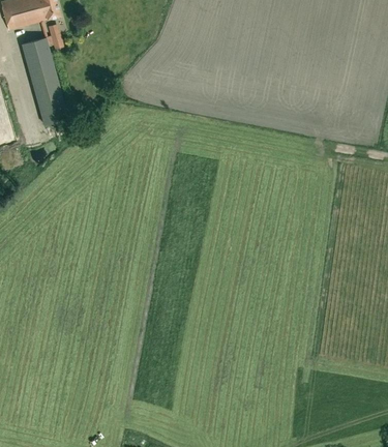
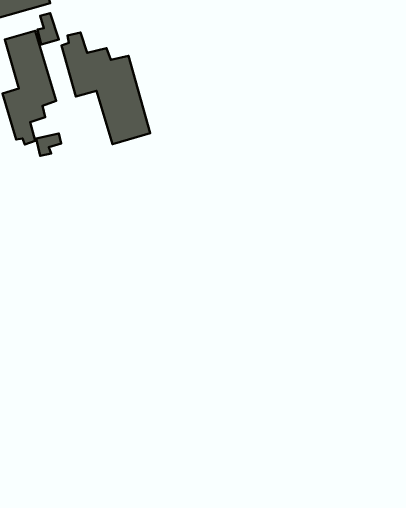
building: none -> [61,33,150,144]

